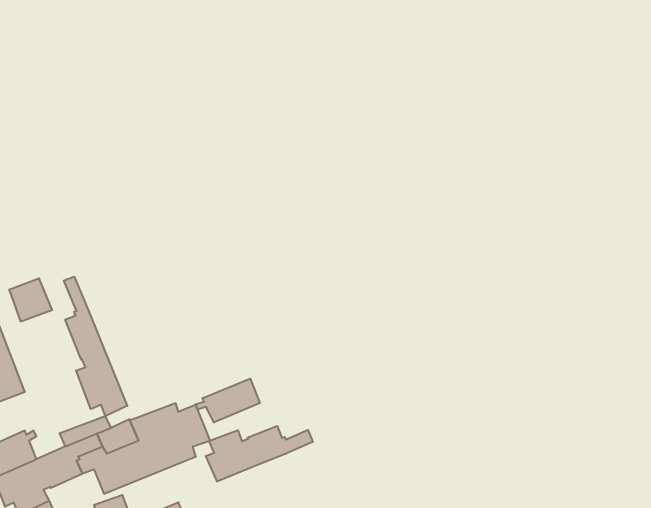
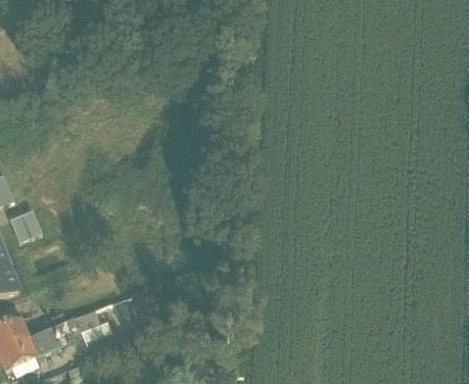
building: [64,277,127,416] -> none
building: [196,379,260,423] -> none
building: [206,426,313,482] -> none

